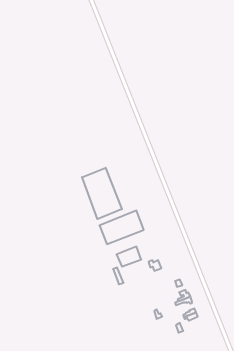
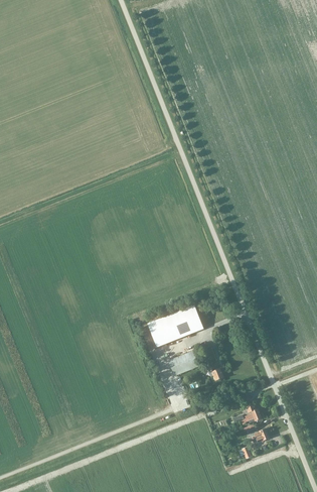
building: [82,168,122,219] -> none

